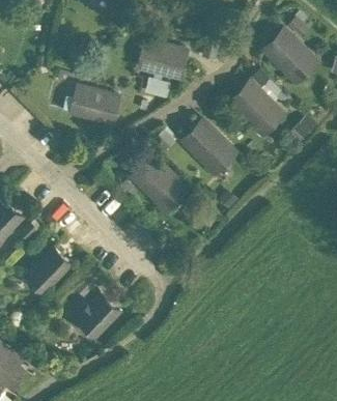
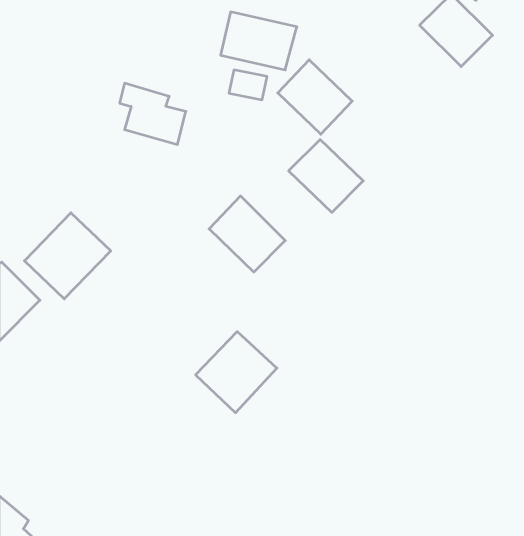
building: [229,81,276,127] -> [278,60,352,134]
building: [21,244,75,297] -> [24,213,111,299]
building: [73,291,123,342] -> [196,332,277,413]

